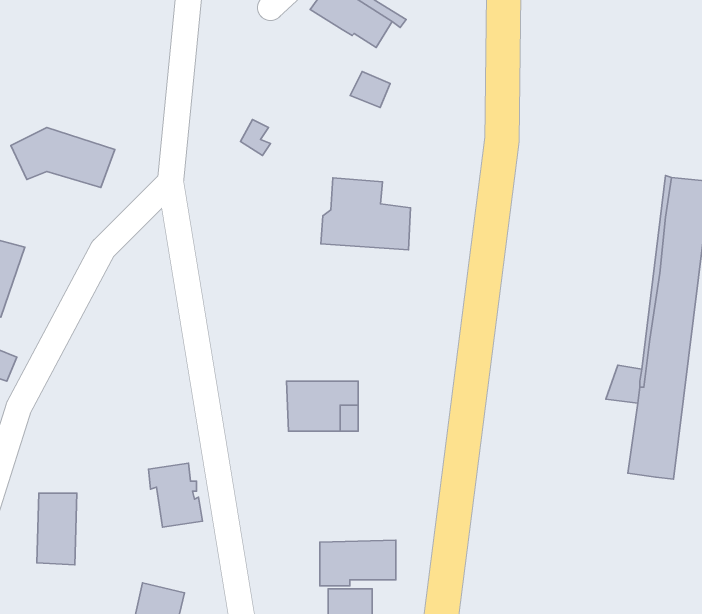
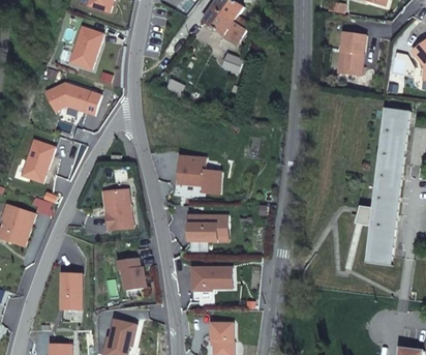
building: none -> [70,26,102,68]
building: none -> [341,30,368,71]
building: [321,178,411,250] -> [174,155,220,193]
building: none -> [106,188,131,229]
building: [320,540,396,586] -> [192,266,232,290]

